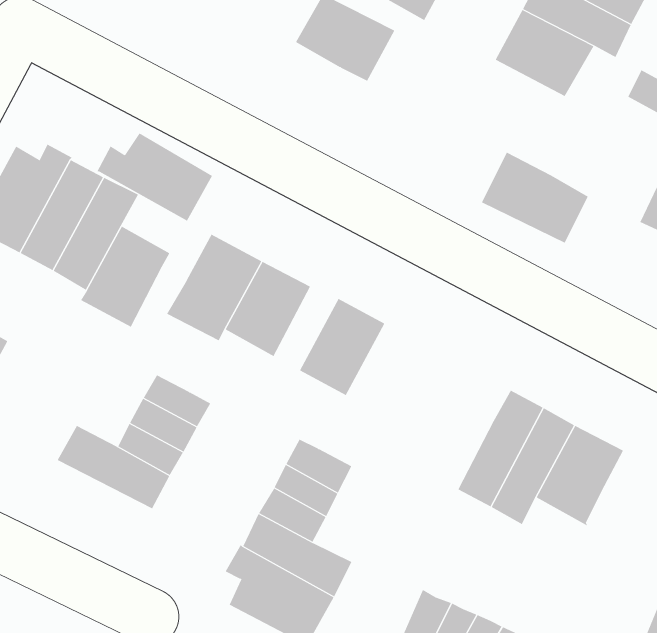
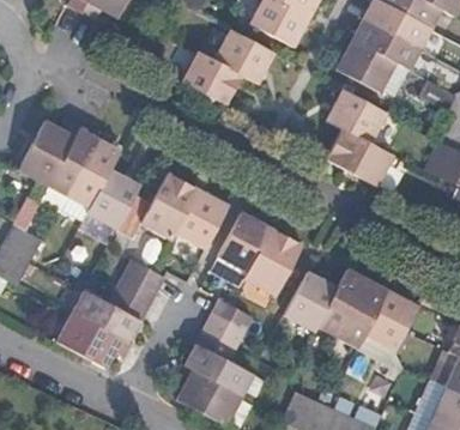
building: none -> [183,49,243,103]
building: none -> [329,87,388,139]
building: [96,132,213,222] -> none
building: none -> [244,230,301,297]
building: none -> [282,273,337,335]
building: none -> [54,314,132,371]

